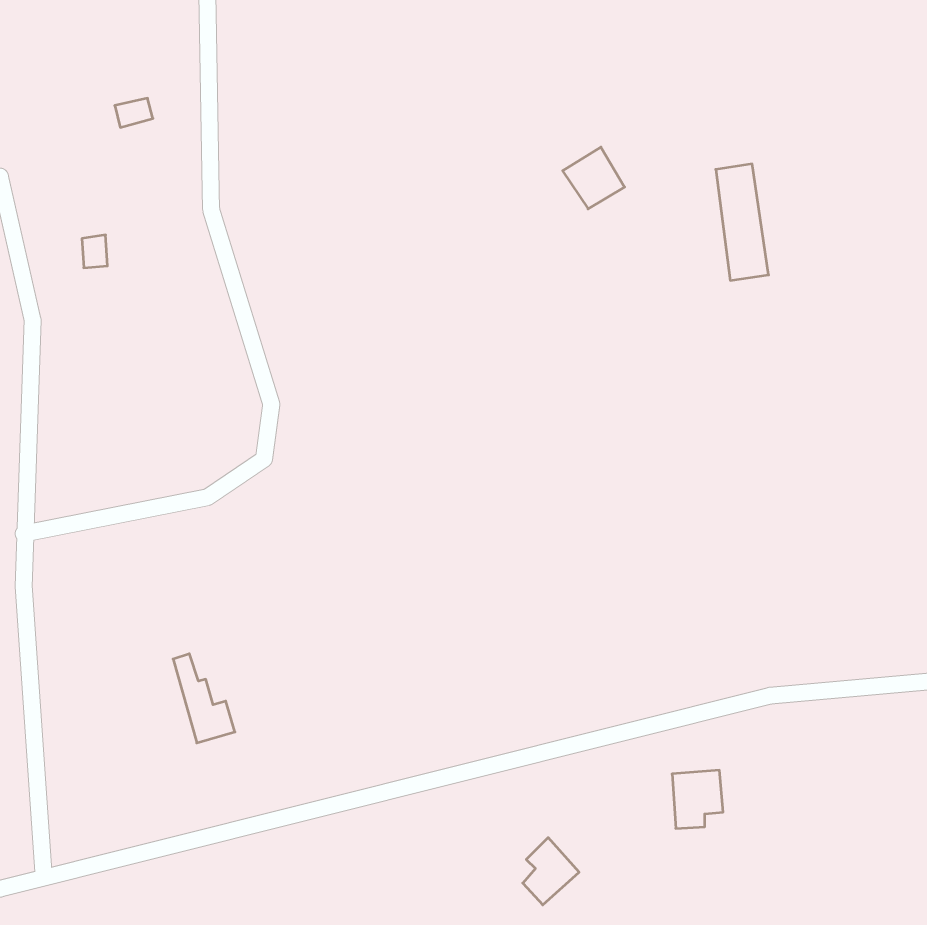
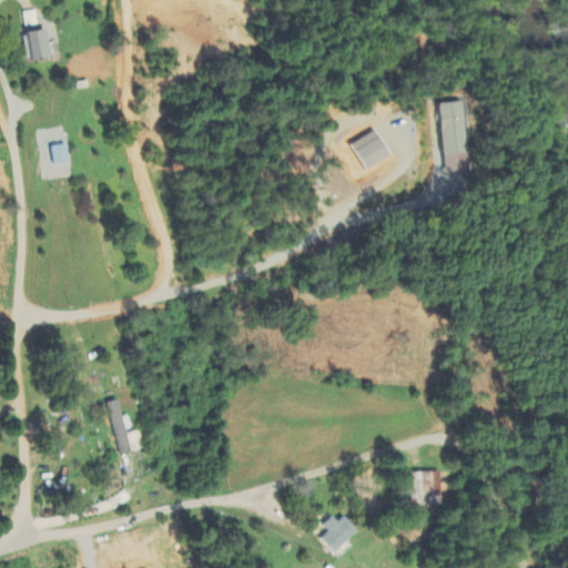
building: none -> [24,29,50,59]
building: [563,147,625,209] -> [352,130,389,168]

